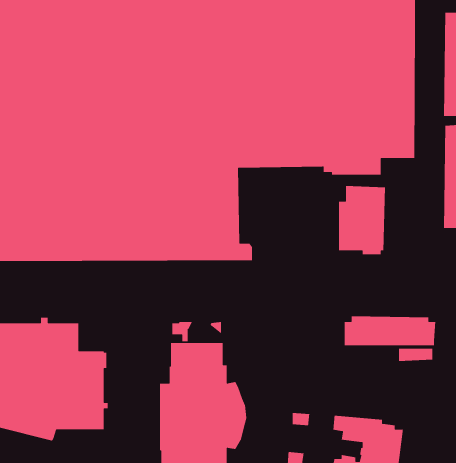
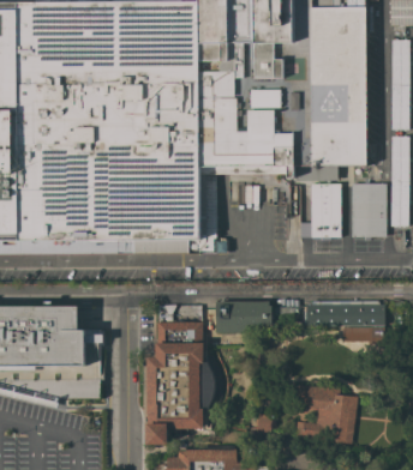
building: none -> [351,183,387,236]
building: none -> [216,301,273,332]

